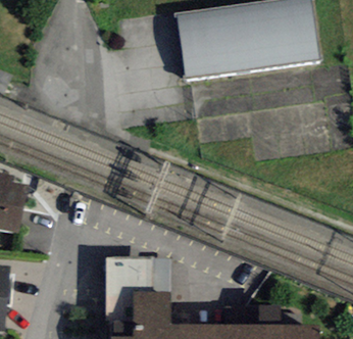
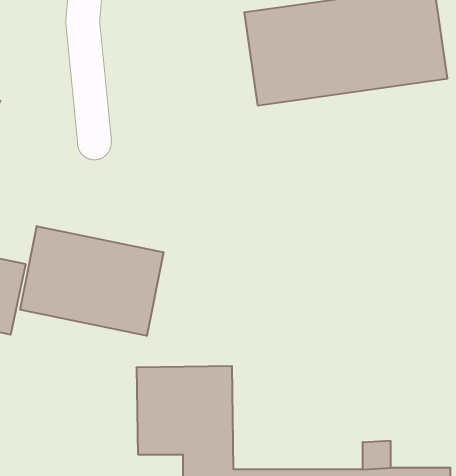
building: none -> [20,226,163,336]

